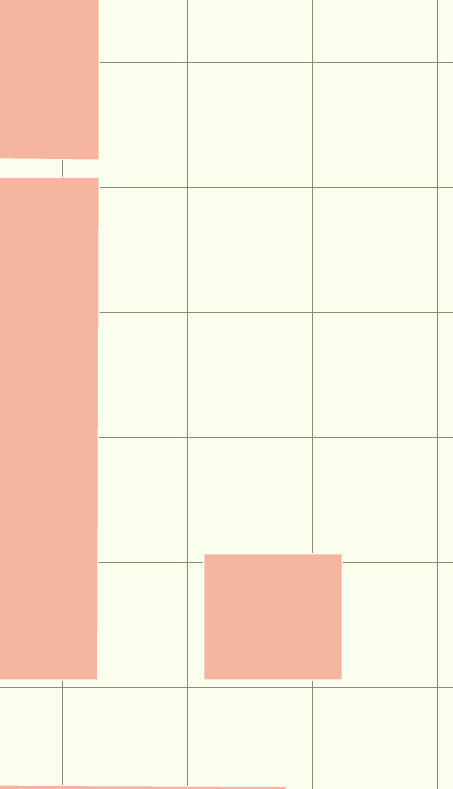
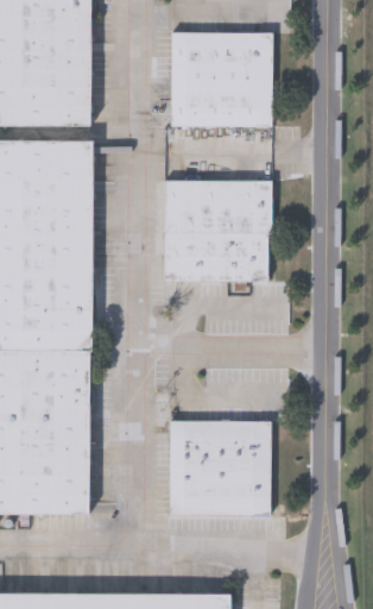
building: none -> [171,31,273,127]
building: none -> [163,180,271,281]

